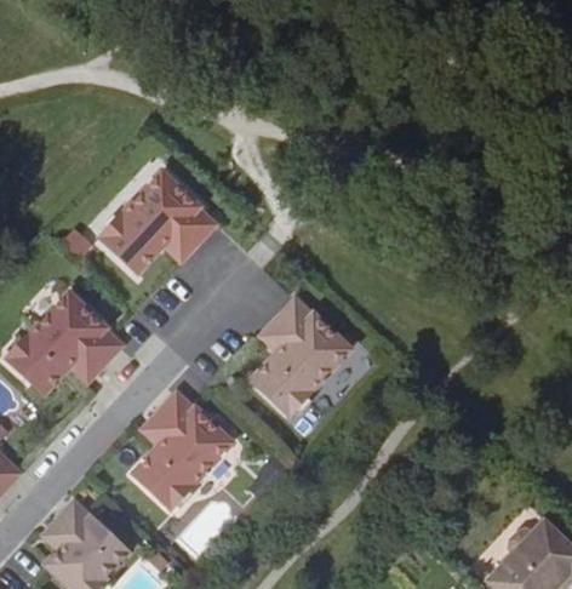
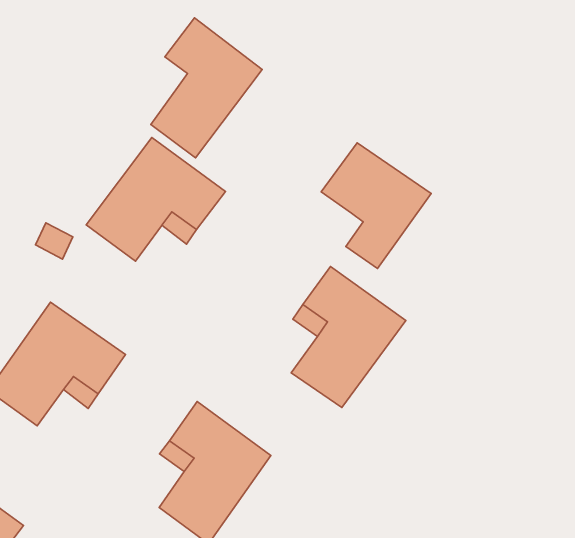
building: none -> [151,18,262,158]
building: none -> [321,143,431,268]

